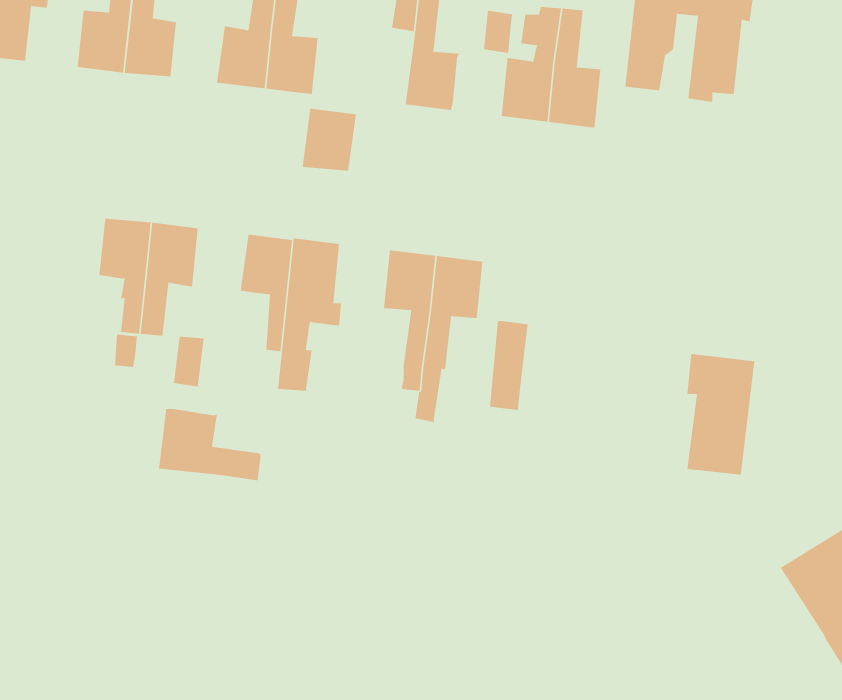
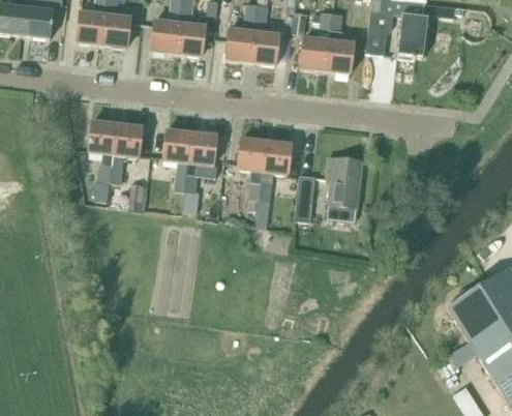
building: [302,108,357,171] -> [224,28,253,61]
building: [686,353,755,475] -> [326,156,362,220]
building: [159,408,261,481] -> none

